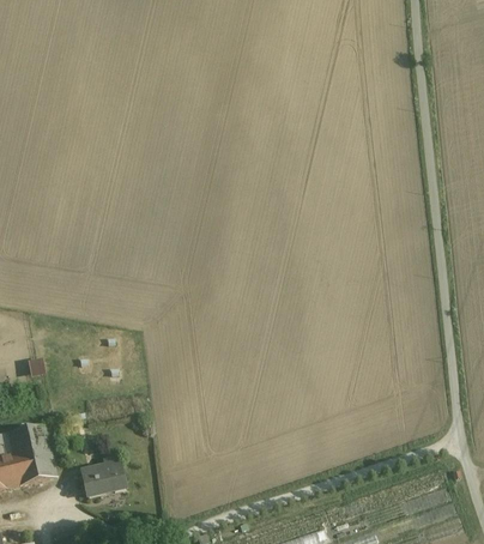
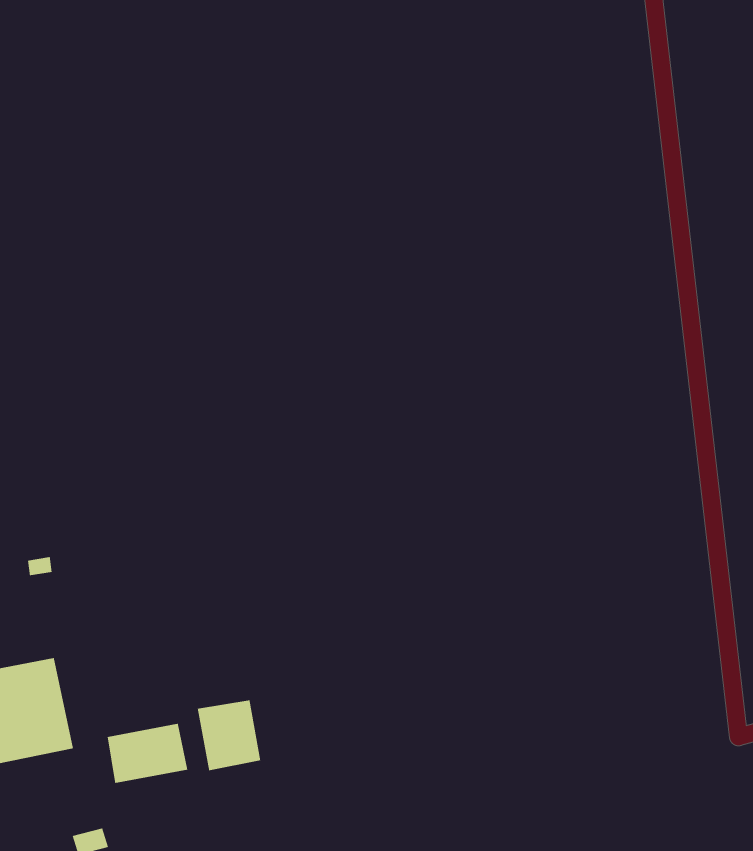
building: none -> [197,700,261,771]

